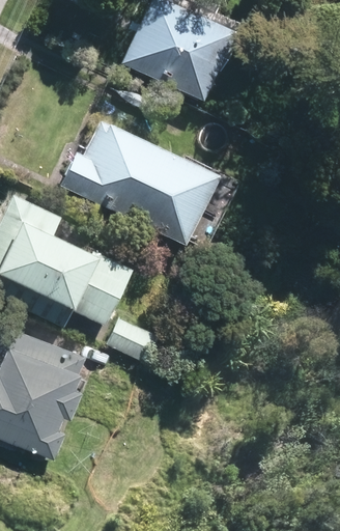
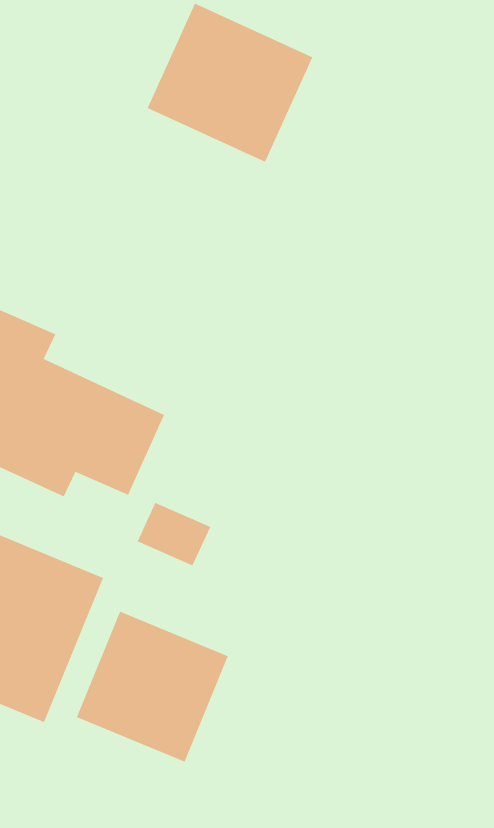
building: [78,116,222,241] -> none
building: none -> [76,611,229,763]

